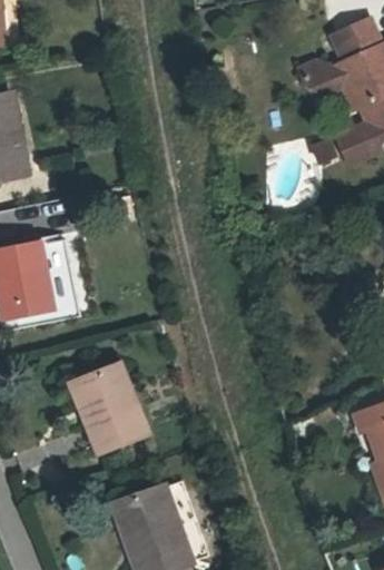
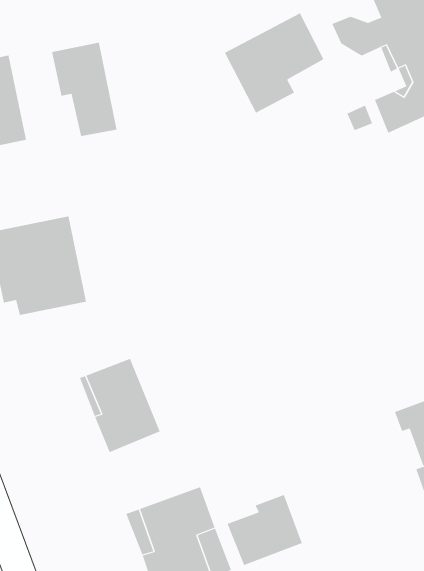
building: none -> [224,13,324,114]
building: none -> [52,42,117,137]
building: none -> [227,494,303,566]

